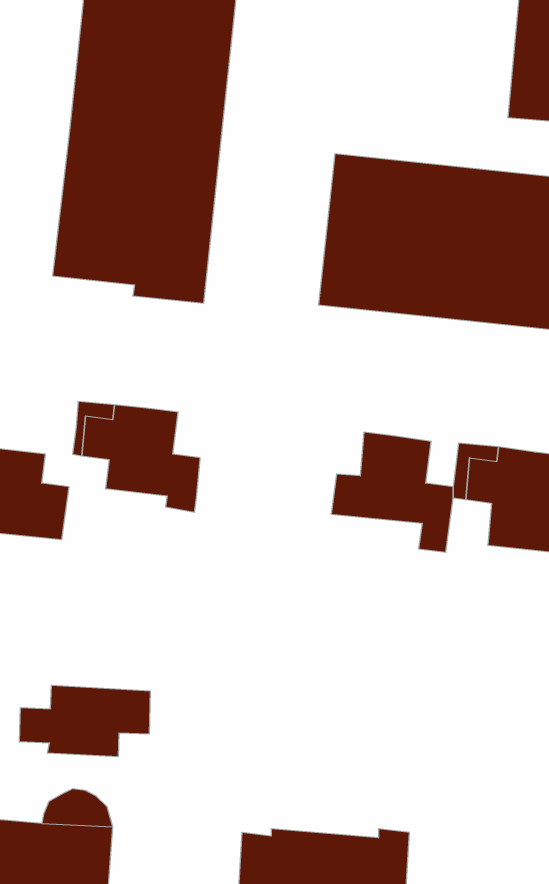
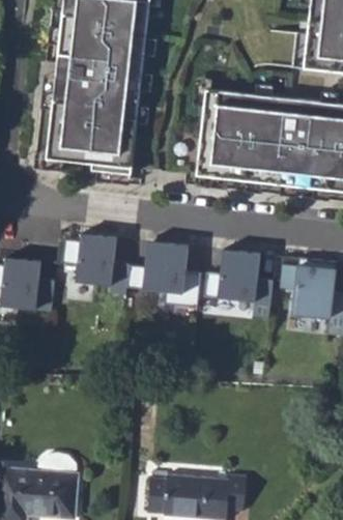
building: none -> [126,240,201,307]
building: [19,685,150,757] -> none

